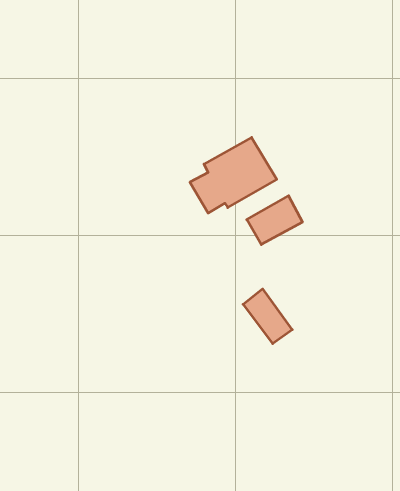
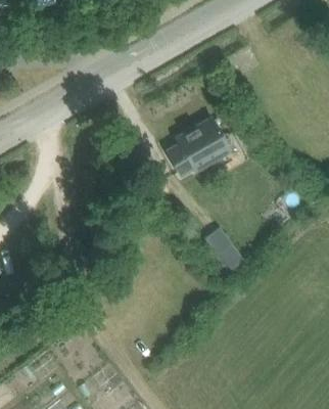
building: [247,196,302,245] -> none

